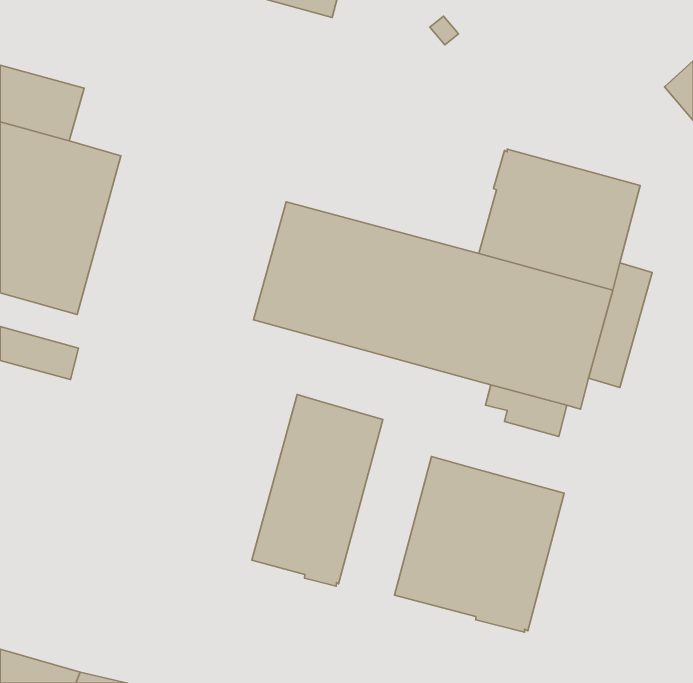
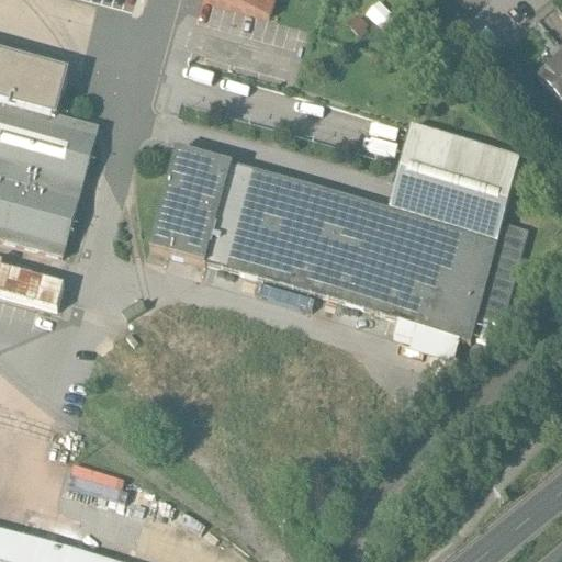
building: none -> [150,146,232,261]
building: [252,394,383,586] -> none
building: [394,456,564,632] -> none

